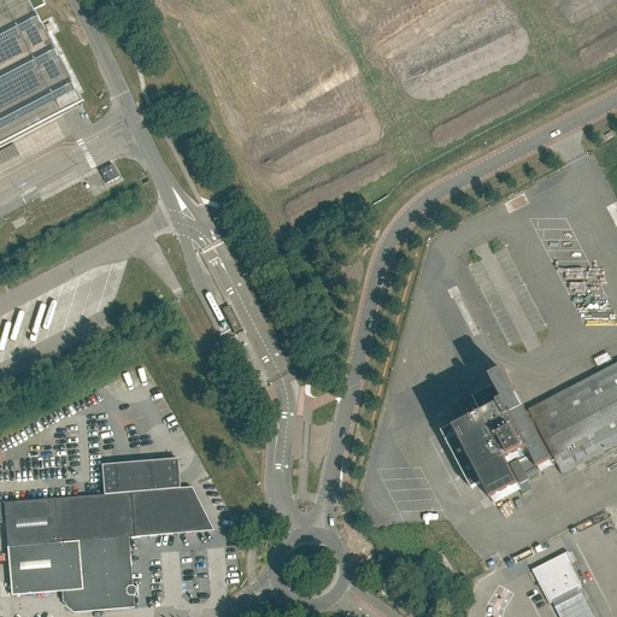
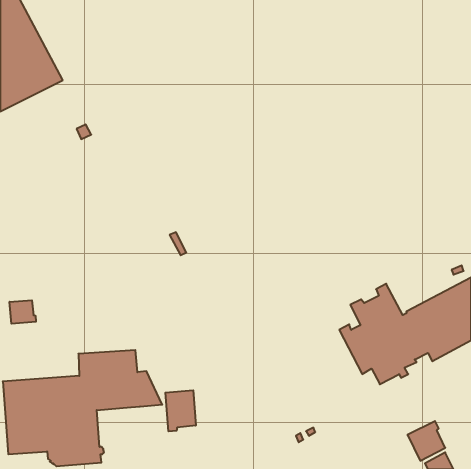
building: none -> [10,300,36,324]
building: none -> [165,390,196,431]

